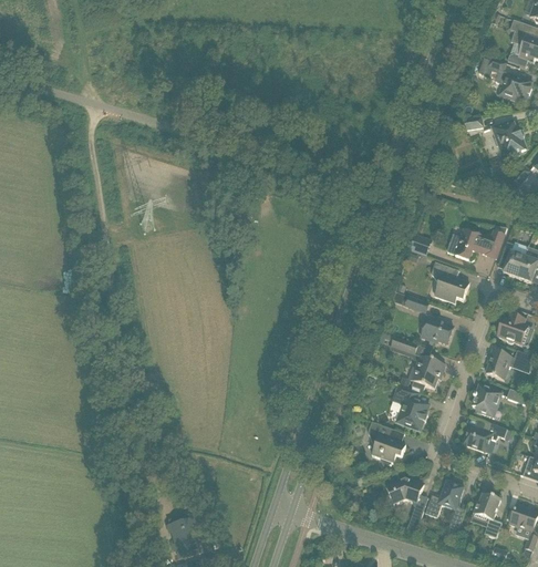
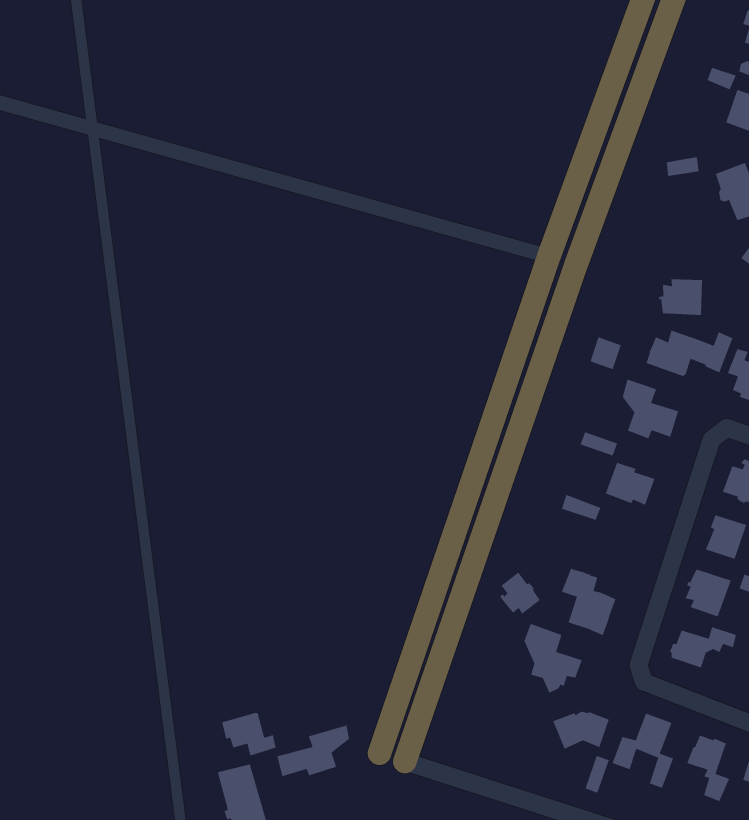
building: none -> [658,278,703,316]
building: [412,354,446,389] -> none
building: none -> [499,571,541,615]
building: none -> [221,712,277,757]
building: none -> [276,725,350,777]

